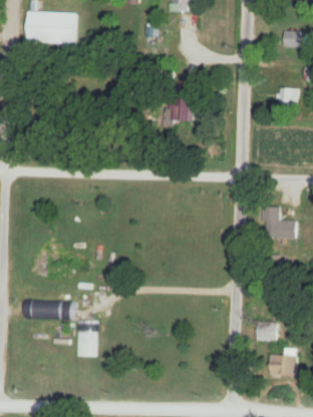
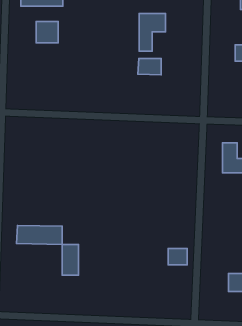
building: none -> [139,13,166,51]
building: none -> [36,22,58,43]
building: [255,323,277,342] -> [168,248,187,265]

